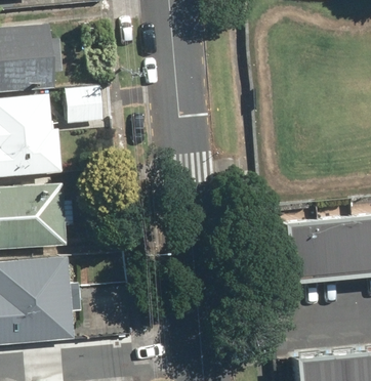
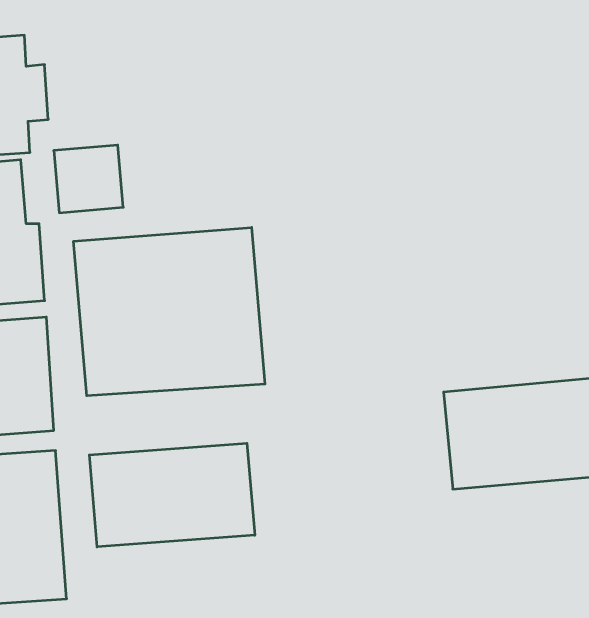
building: none -> [74,227,265,396]
building: none -> [89,443,255,547]

